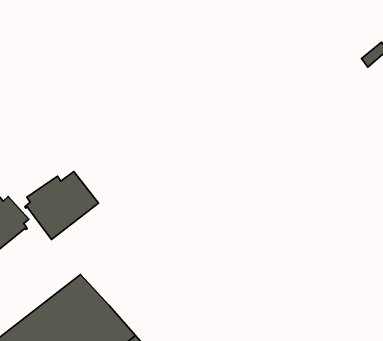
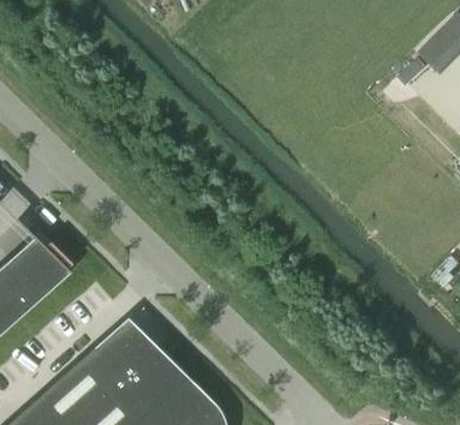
building: [25,172,98,240] -> none

